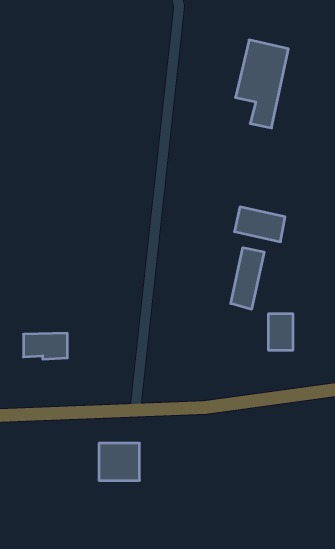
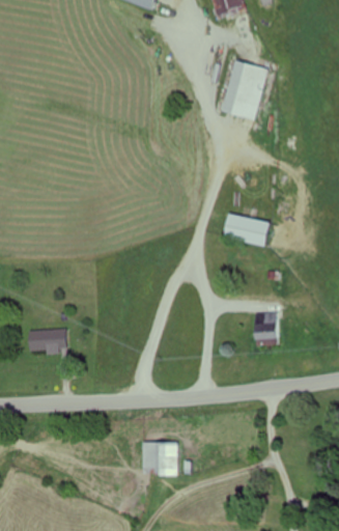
building: [231,248,264,309] -> none
building: [99,443,140,480] -> [143,441,180,475]

